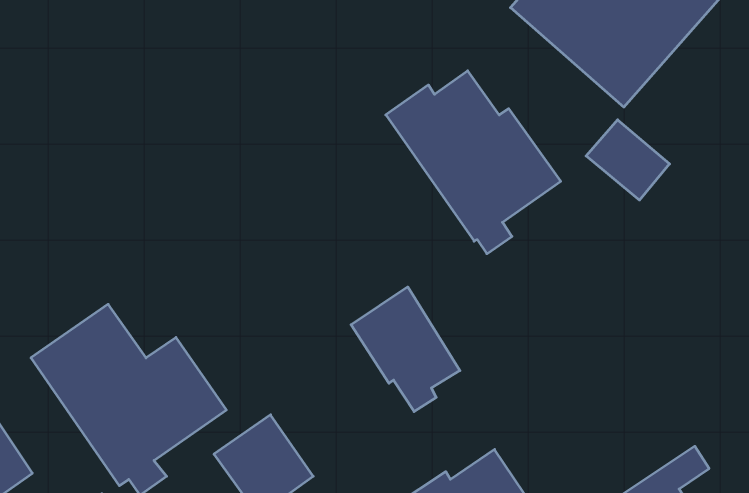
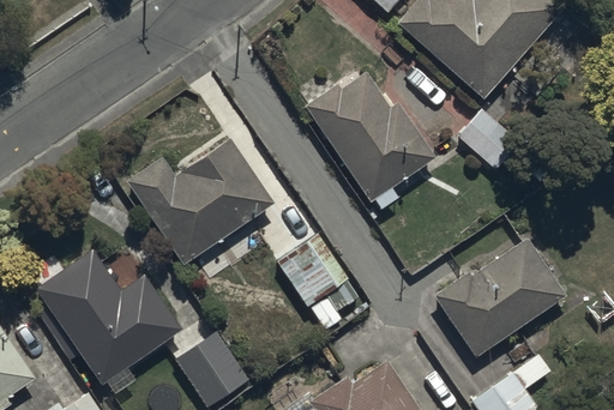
building: none -> [125,137,276,266]
building: none -> [432,236,566,358]

